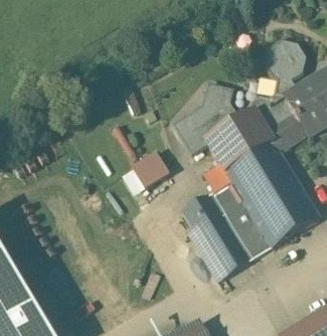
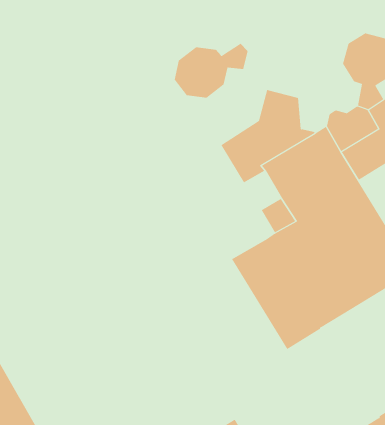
building: none -> [174,43,248,98]
building: [135,148,172,184] -> none

